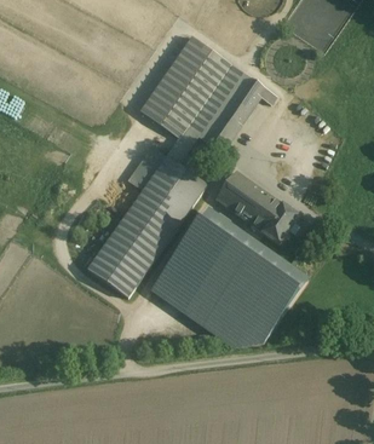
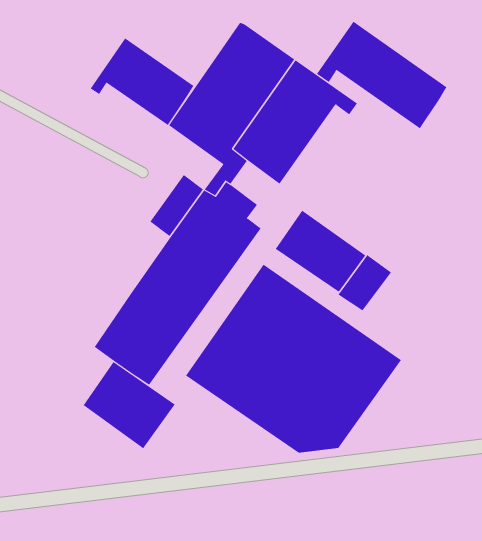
building: none -> [316,21,447,129]
building: none -> [90,38,194,126]
building: none -> [83,361,175,449]

